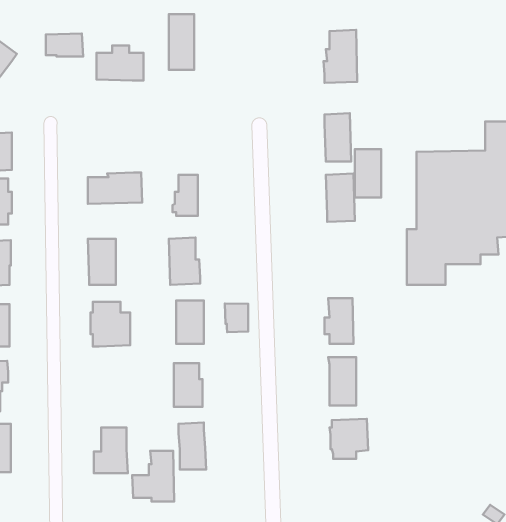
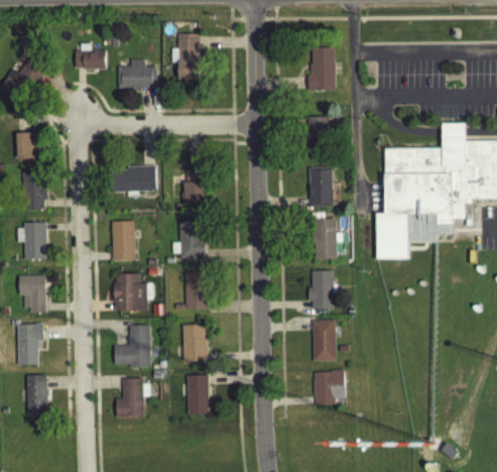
building: [355,149,381,197] -> [315,218,337,258]
building: [225,303,248,332] -> none
building: [132,451,174,502] -> [114,325,149,367]

